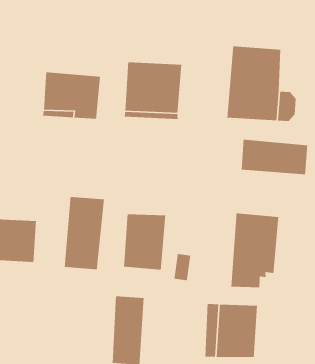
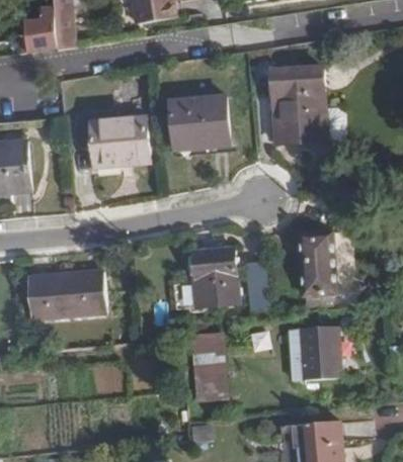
building: [241,139,308,175] -> none
building: [64,196,105,270] -> none

